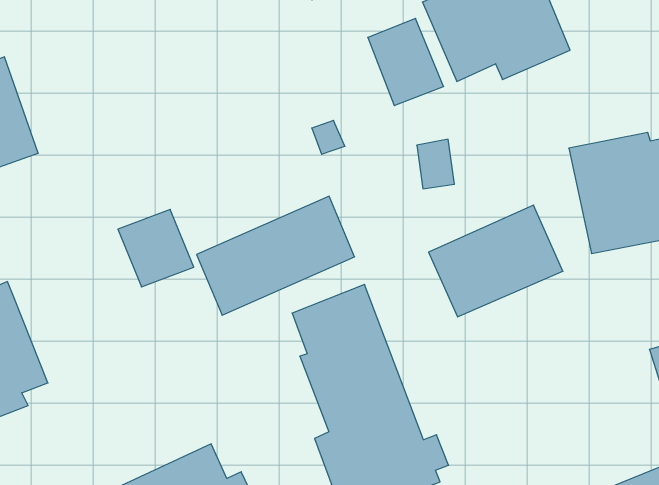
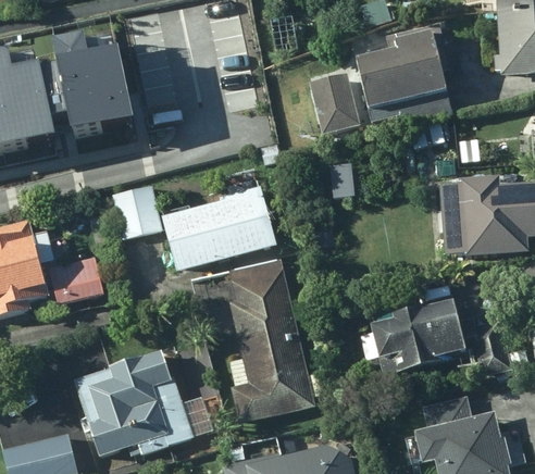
building: none -> [60,29,140,125]
building: [429,205,563,317] -> [369,303,462,375]
building: none -> [47,254,101,303]

